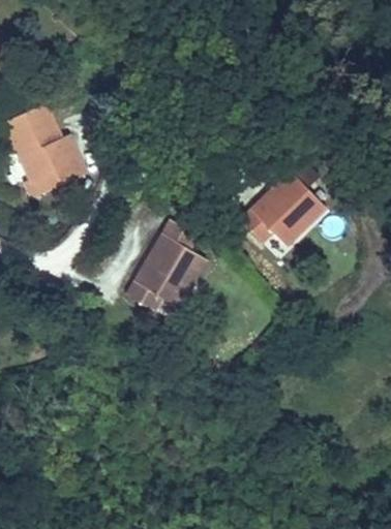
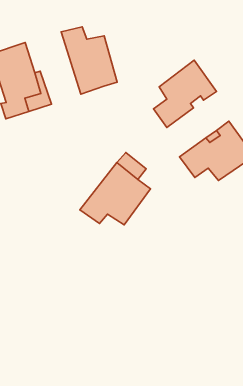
building: none -> [61,27,117,94]
building: none -> [154,60,217,127]

